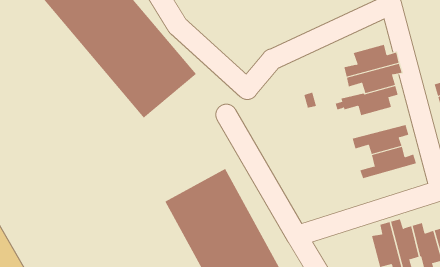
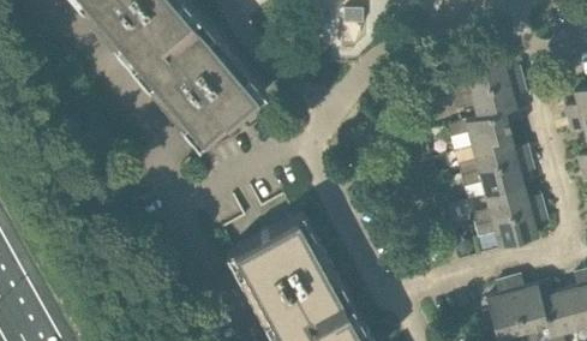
building: none -> [457,138,529,178]
building: none -> [474,209,546,249]

